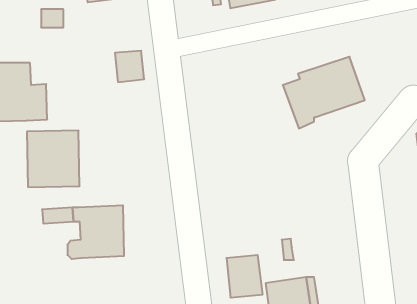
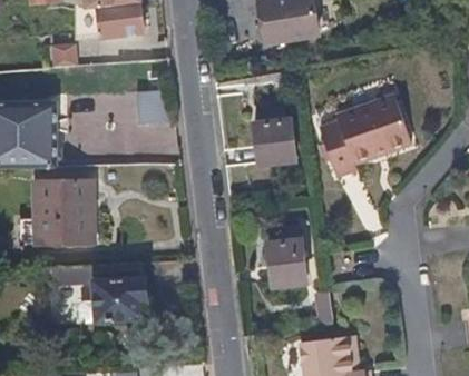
building: none -> [252,119,297,167]
building: [226,255,263,298] -> [264,243,304,289]

